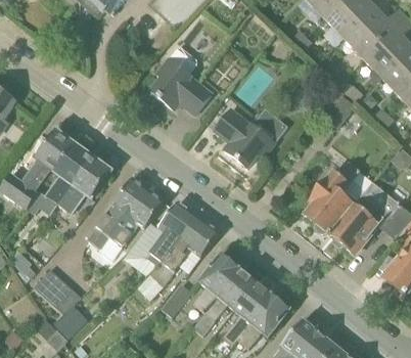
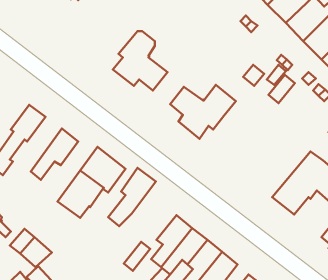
building: [45,142,92,204] -> none
building: [306,162,371,232] -> none
building: [138,215,219,299] -> none

